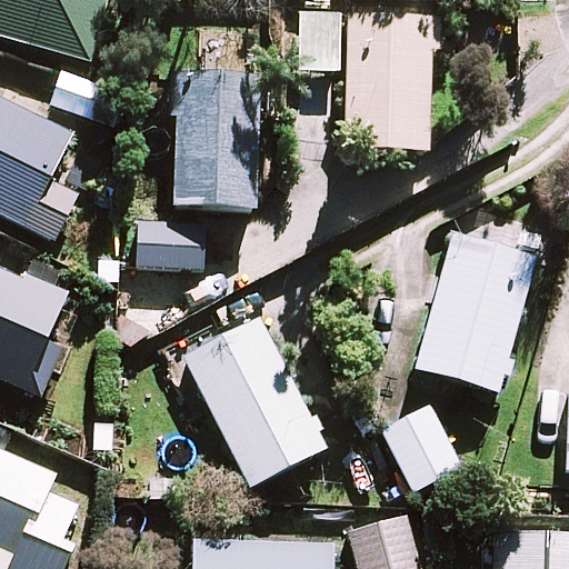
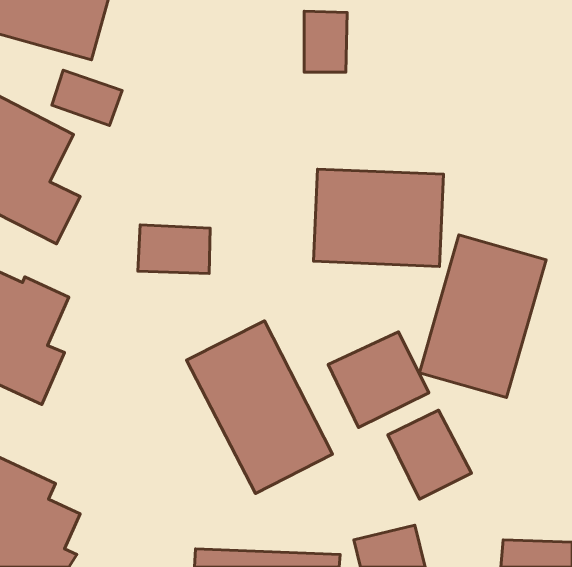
building: [345,14,439,151] -> none
building: [169,71,262,209] -> none
building: none -> [314,169,444,266]
building: none -> [328,332,429,427]

